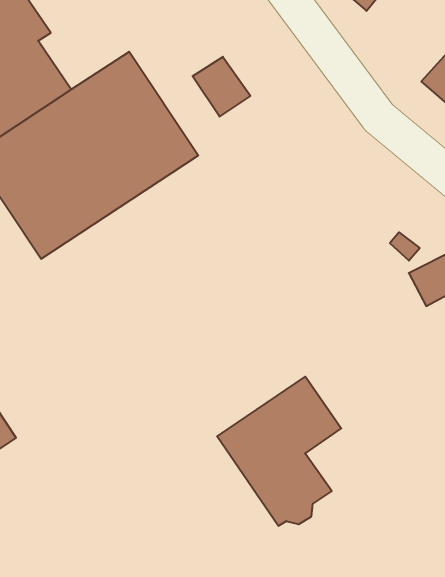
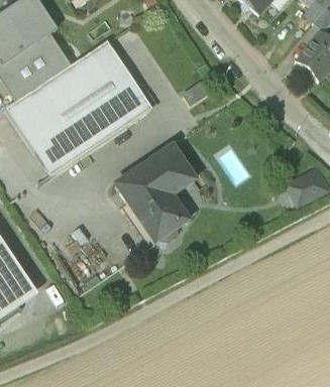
building: [193,57,250,117] -> none
building: [217,377,341,526] -> [114,145,194,241]

